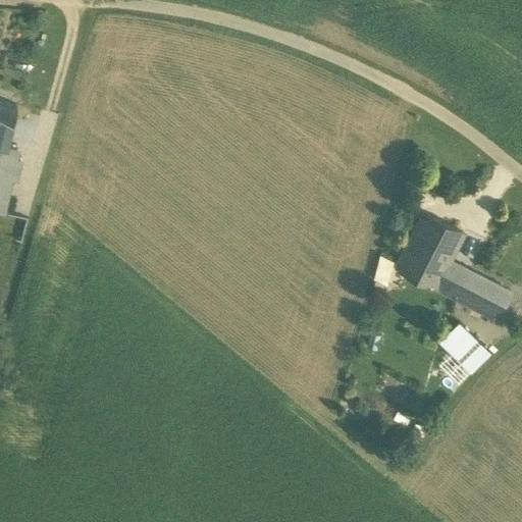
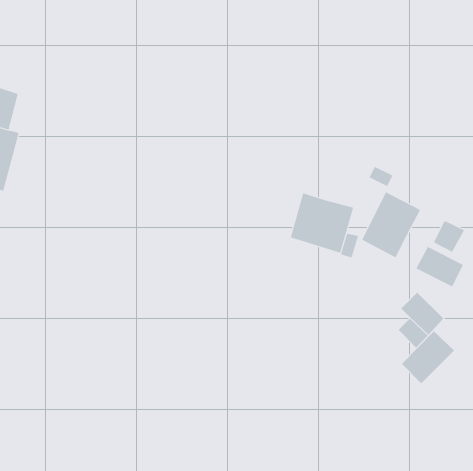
building: none -> [290,192,354,254]
building: [434,263,469,299] -> [433,220,465,253]
building: none -> [401,331,455,384]

